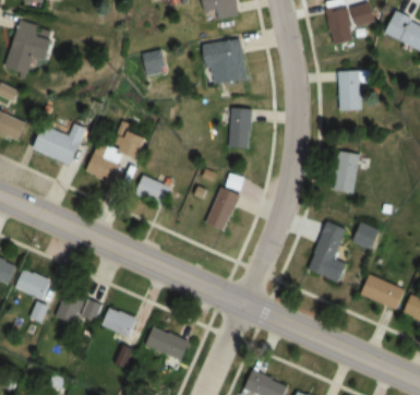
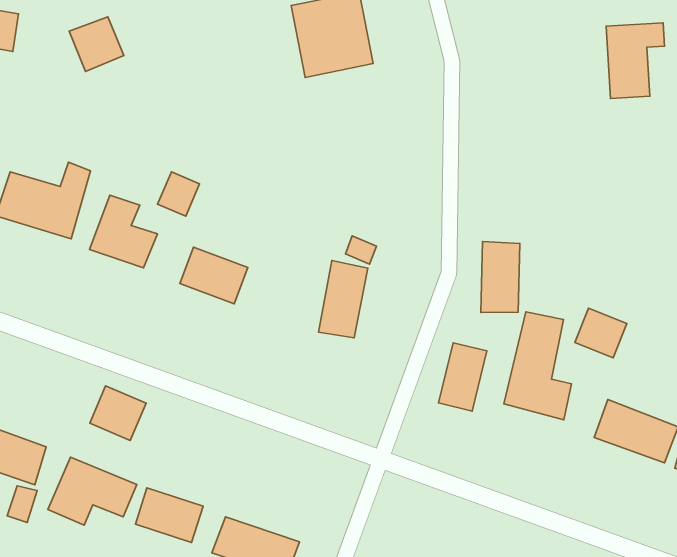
building: [137,48,167,77] -> [69,17,124,71]
building: [338,70,370,110] -> [606,23,664,99]
building: [227,113,249,147] -> none
building: [334,152,358,192] -> [481,242,520,313]
building: none -> [439,343,487,411]
building: none -> [90,386,146,440]

